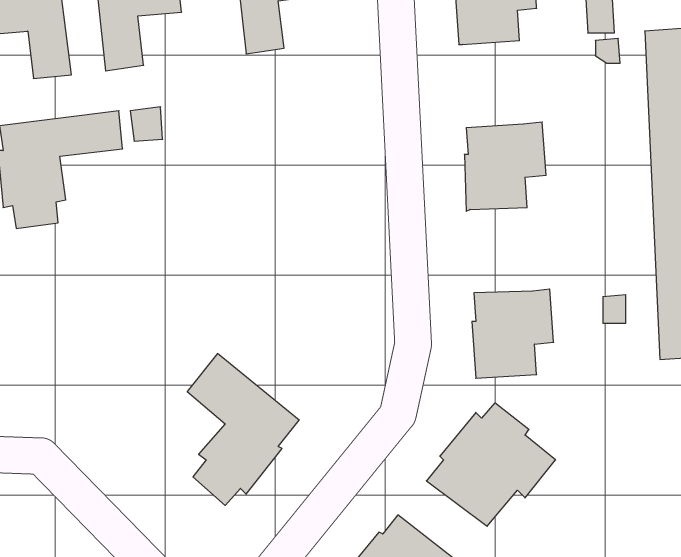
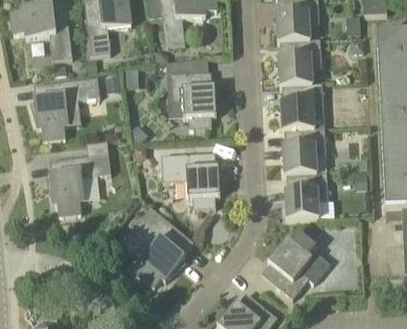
building: none -> [278,39,321,87]
building: none -> [171,73,217,129]
building: none -> [283,128,326,175]
building: none -> [49,153,111,216]
building: none -> [161,153,220,210]

